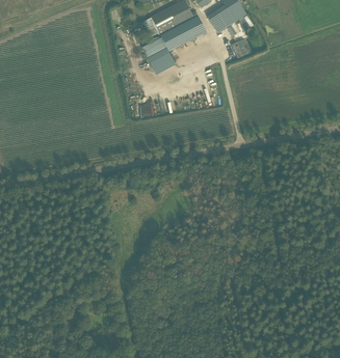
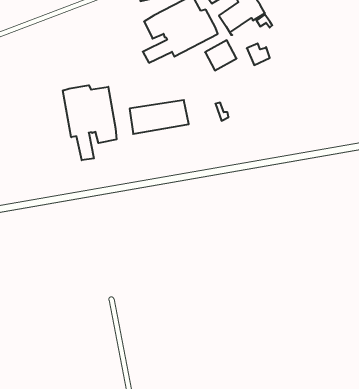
building: [147,49,174,75] -> [205,40,237,70]
building: none -> [63,85,117,160]

